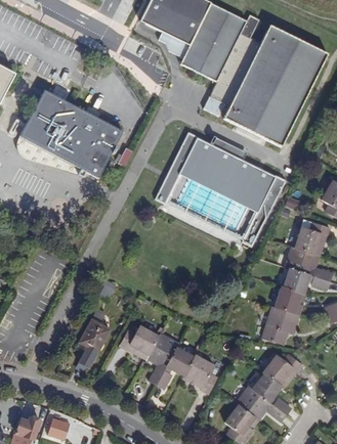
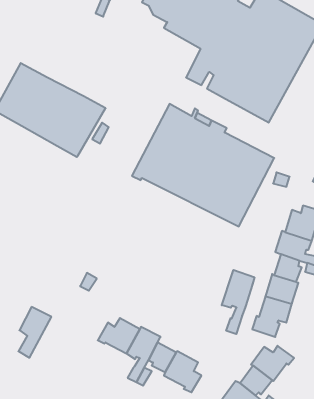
building: none -> [222,270,254,334]
building: [82,320,113,367] -> [18,307,51,358]

